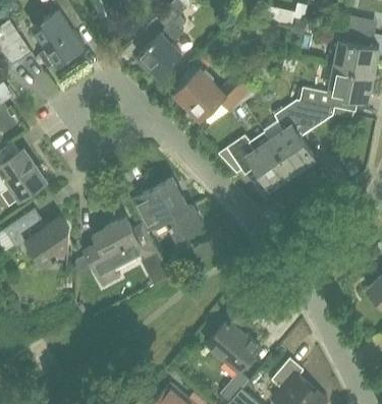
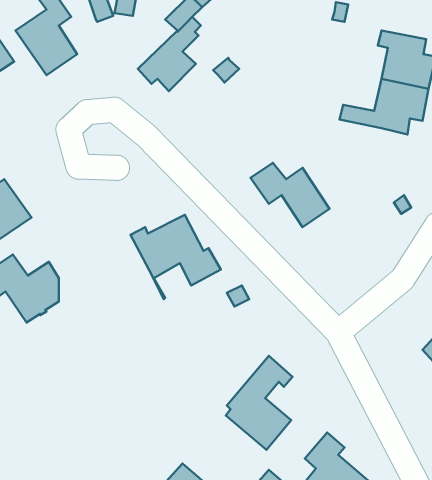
building: [174,68,255,124] -> none
building: [269,100,334,173] -> none
building: [78,217,160,286] -> none

